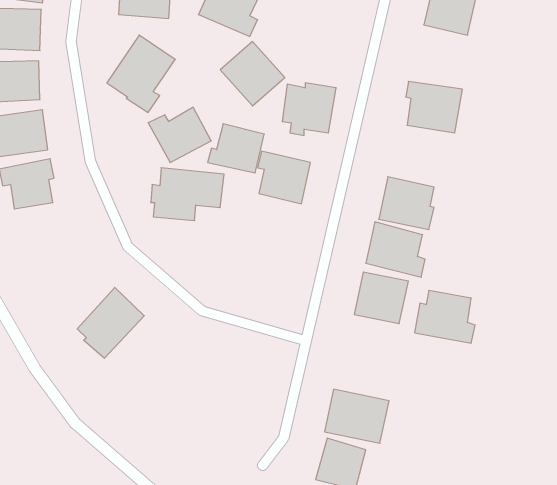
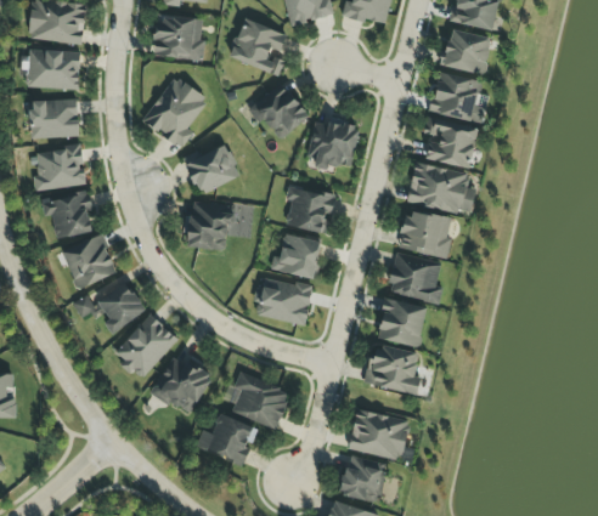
building: none -> [430,73,484,123]
building: [208,124,264,173] -> [270,233,323,279]
building: none -> [406,163,475,212]
building: none -> [61,234,117,289]
building: none -> [253,278,312,325]
building: none -> [70,282,145,334]
building: [415,290,475,343] -> [363,345,421,395]
building: none -> [149,355,211,415]
building: none -> [232,373,289,429]
building: none -> [196,414,258,465]

